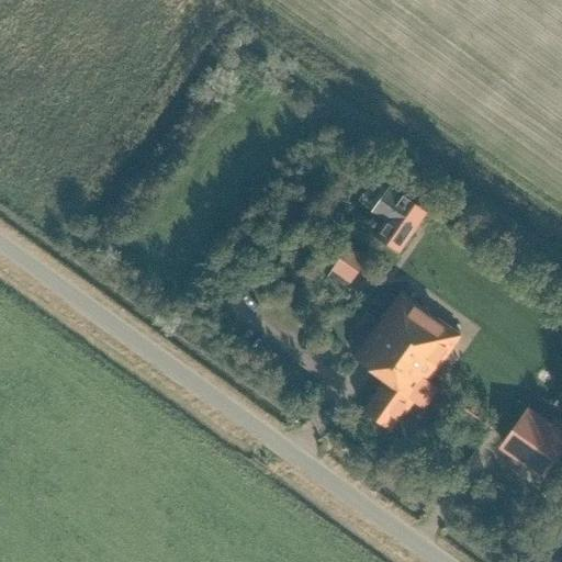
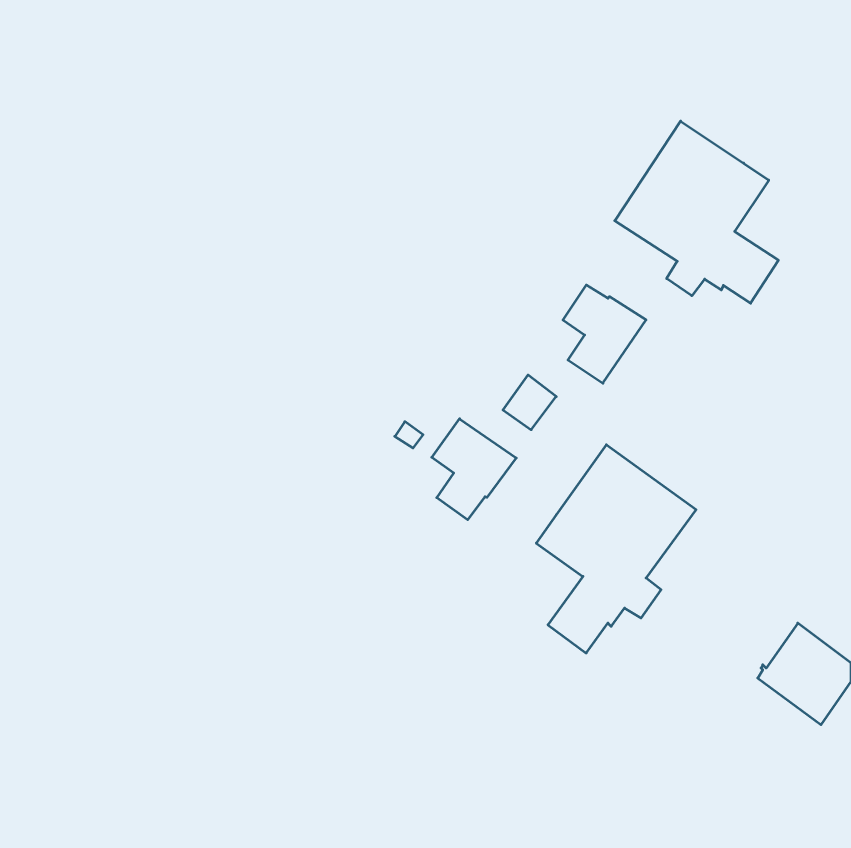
building: none -> [615,121,778,303]
building: none -> [432,419,516,520]

